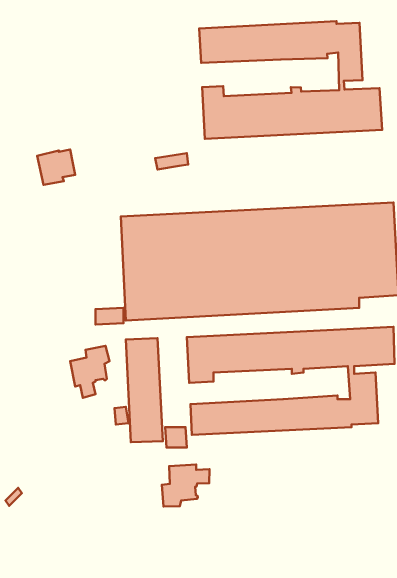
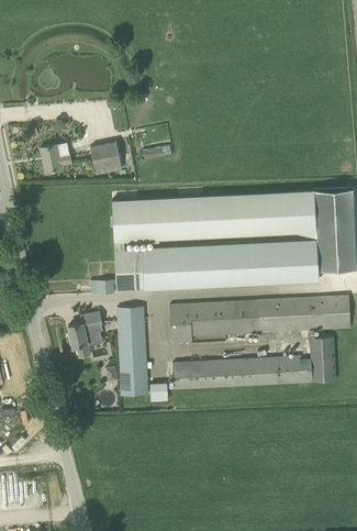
building: [199,21,382,139] -> none
building: none -> [90,141,122,174]
building: [162,464,210,507] -> none

